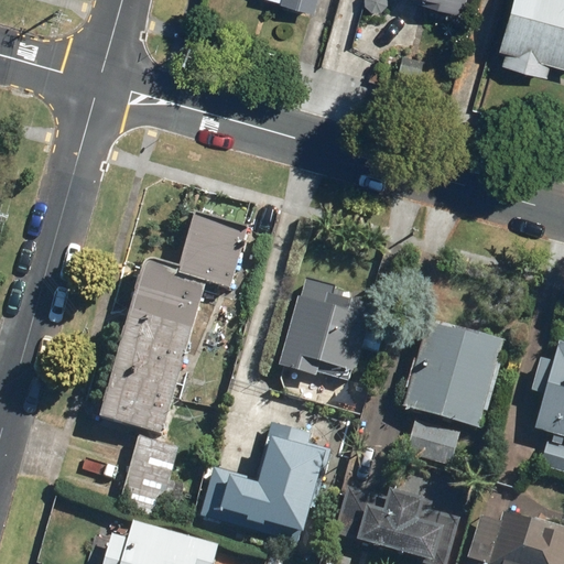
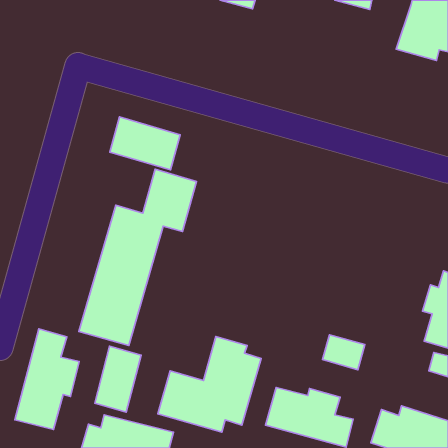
building: none -> [110,117,180,170]
building: [278,278,372,377] -> none
building: [403,321,502,430] -> none
building: none -> [15,329,79,430]

